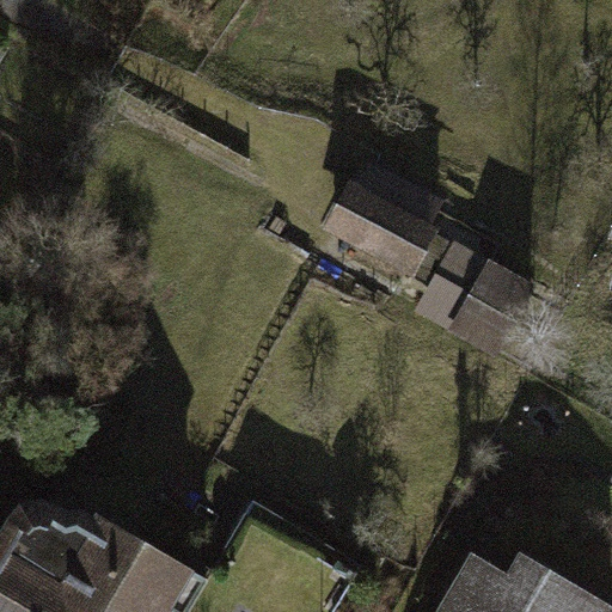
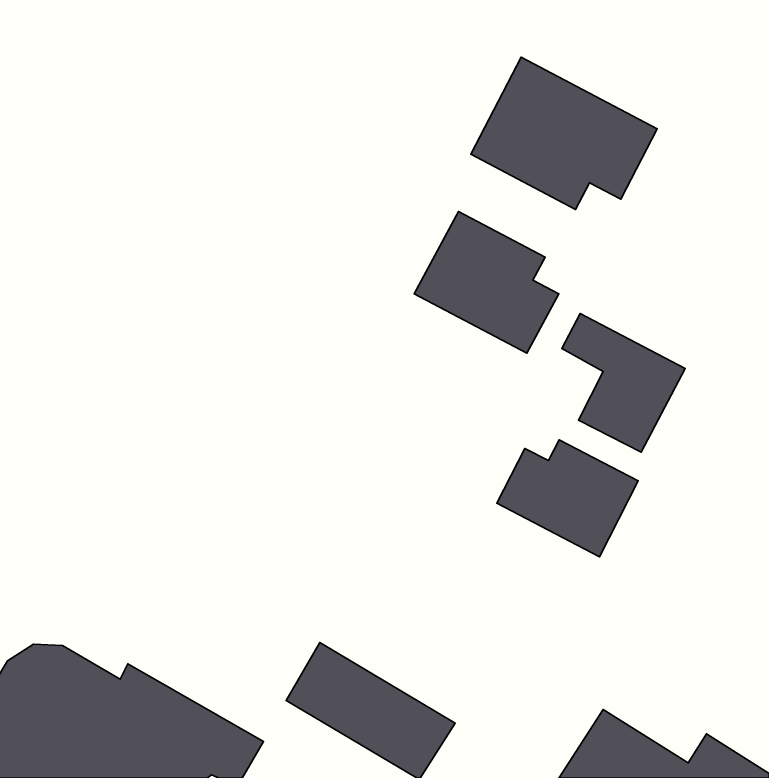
building: none -> [471,57,657,210]
building: none -> [497,440,638,557]

